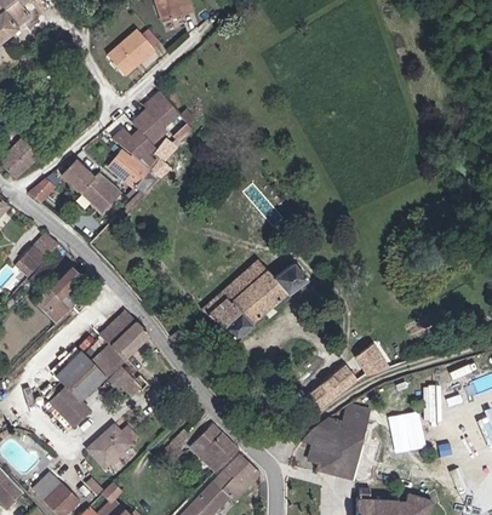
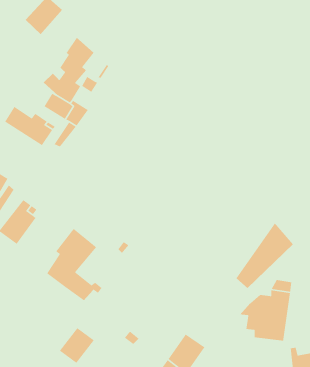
building: [205,261,307,345] -> none
building: [51,351,105,425] -> none
building: [190,423,236,471] -> none

